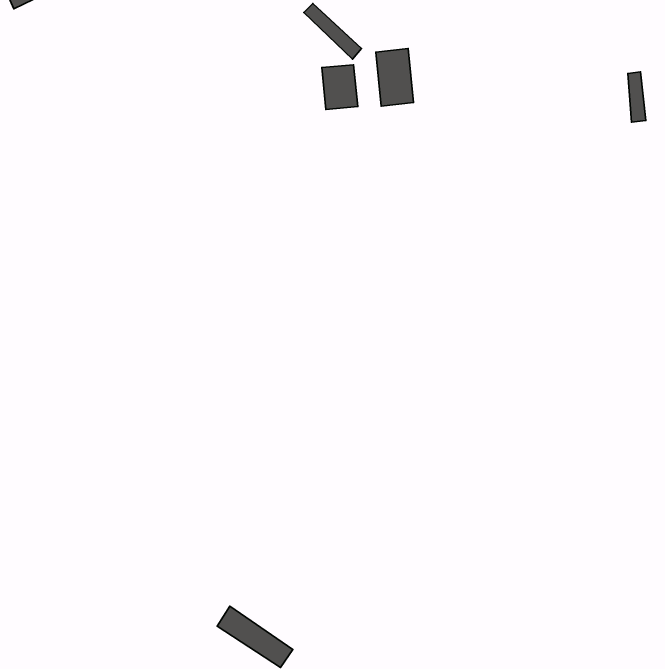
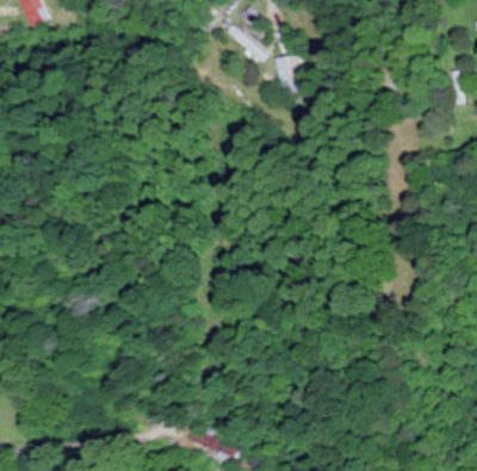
building: [322,65,358,110] -> none

